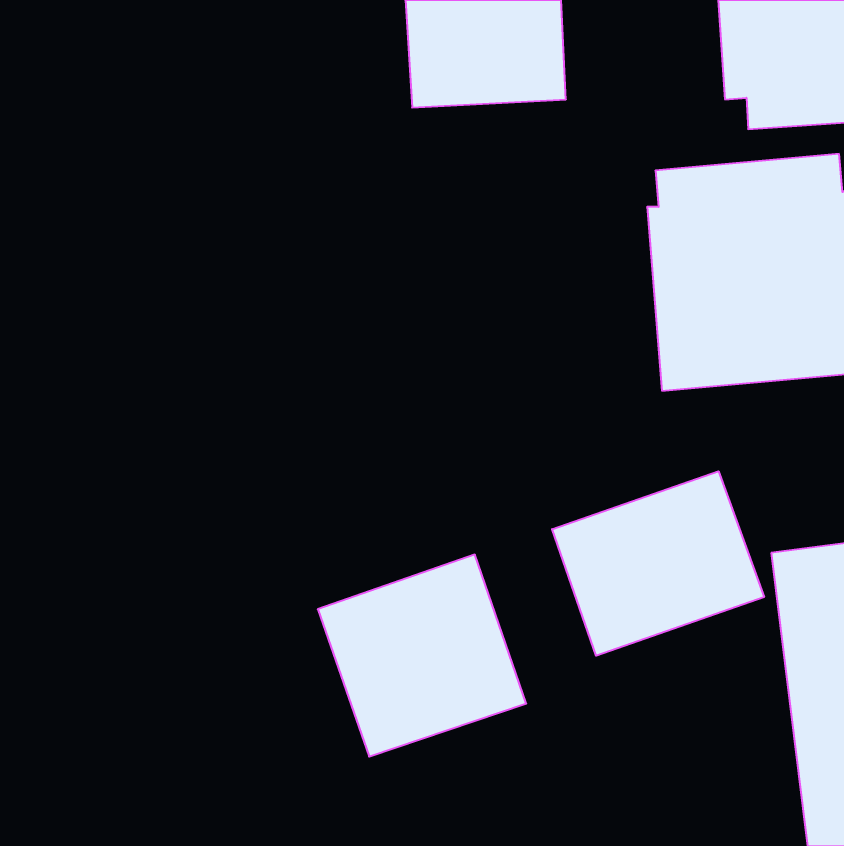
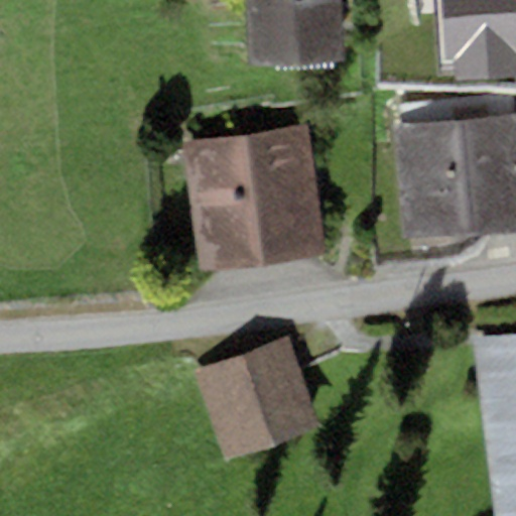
building: none -> [182,126,327,270]
building: [552,471,764,656] -> none

